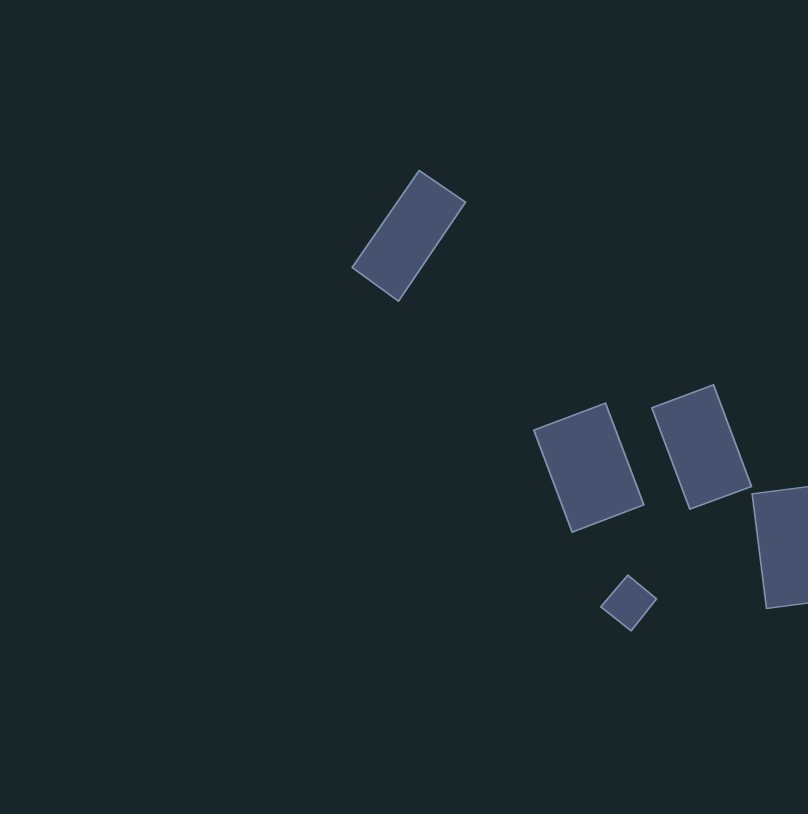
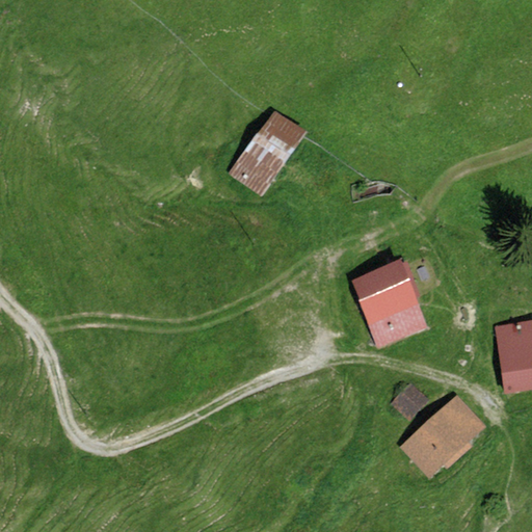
building: [652,385,751,509] -> none
building: none -> [401,393,487,475]

